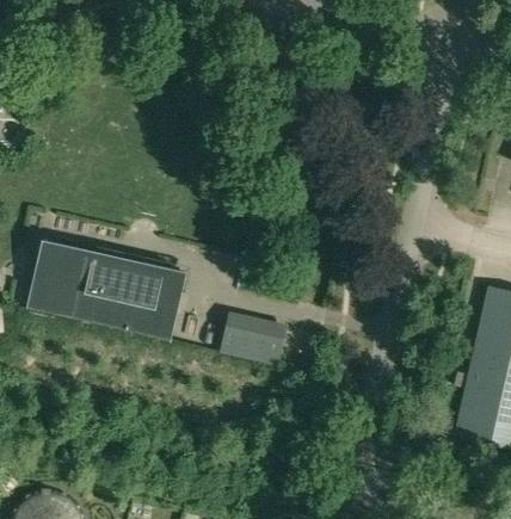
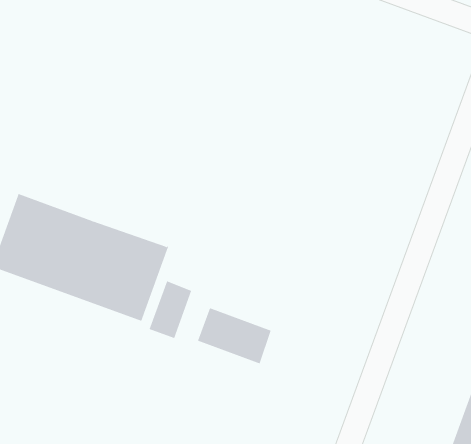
building: none -> [149,281,192,339]

